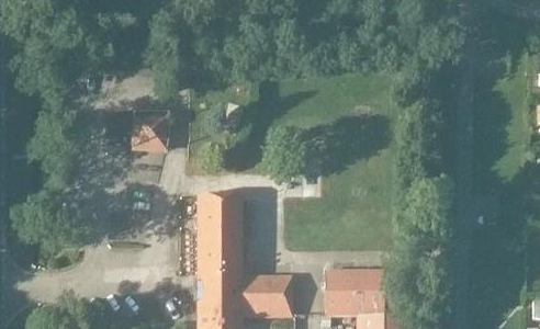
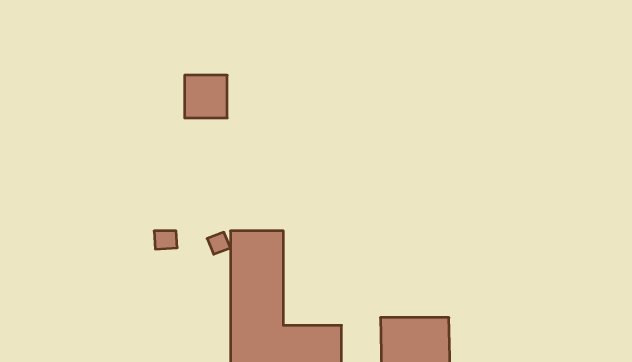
building: [132,116,168,152] -> [185,75,227,118]

